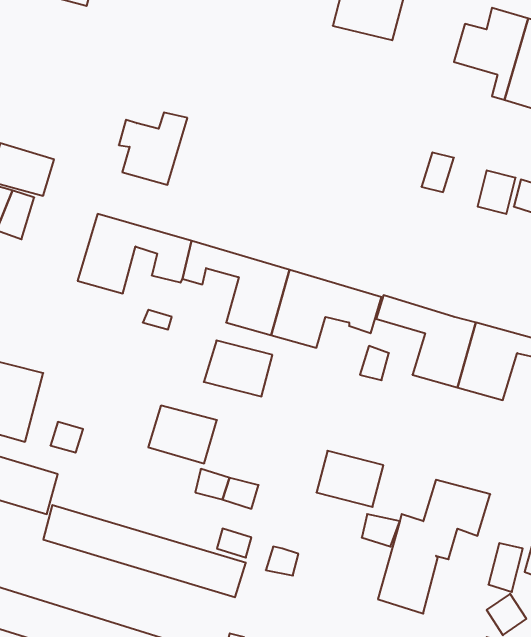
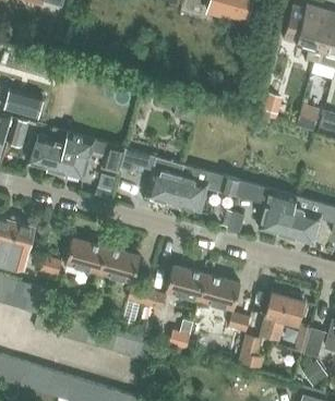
building: [119,112,187,185] -> [26,129,68,172]
building: [204,340,272,396] -> [165,266,206,300]
building: none -> [65,239,106,272]

